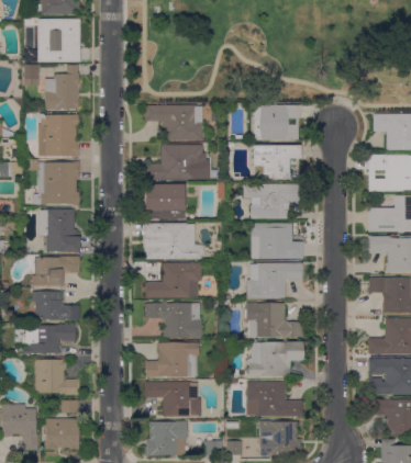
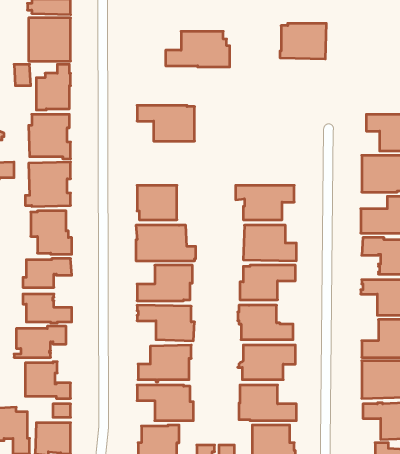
building: [253,105,299,140] -> [280,23,326,59]
building: [145,145,209,180] -> [166,31,230,67]
building: [251,146,301,179] -> none

